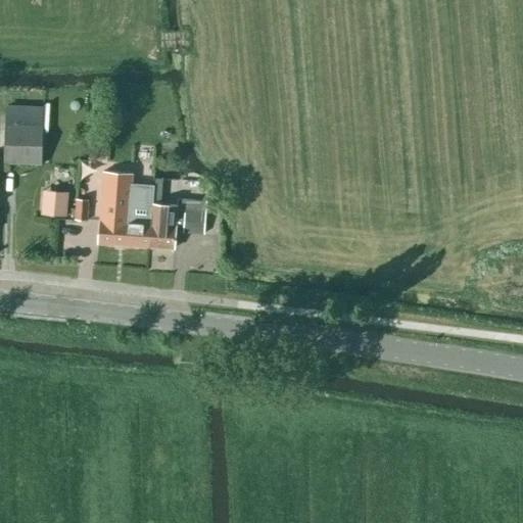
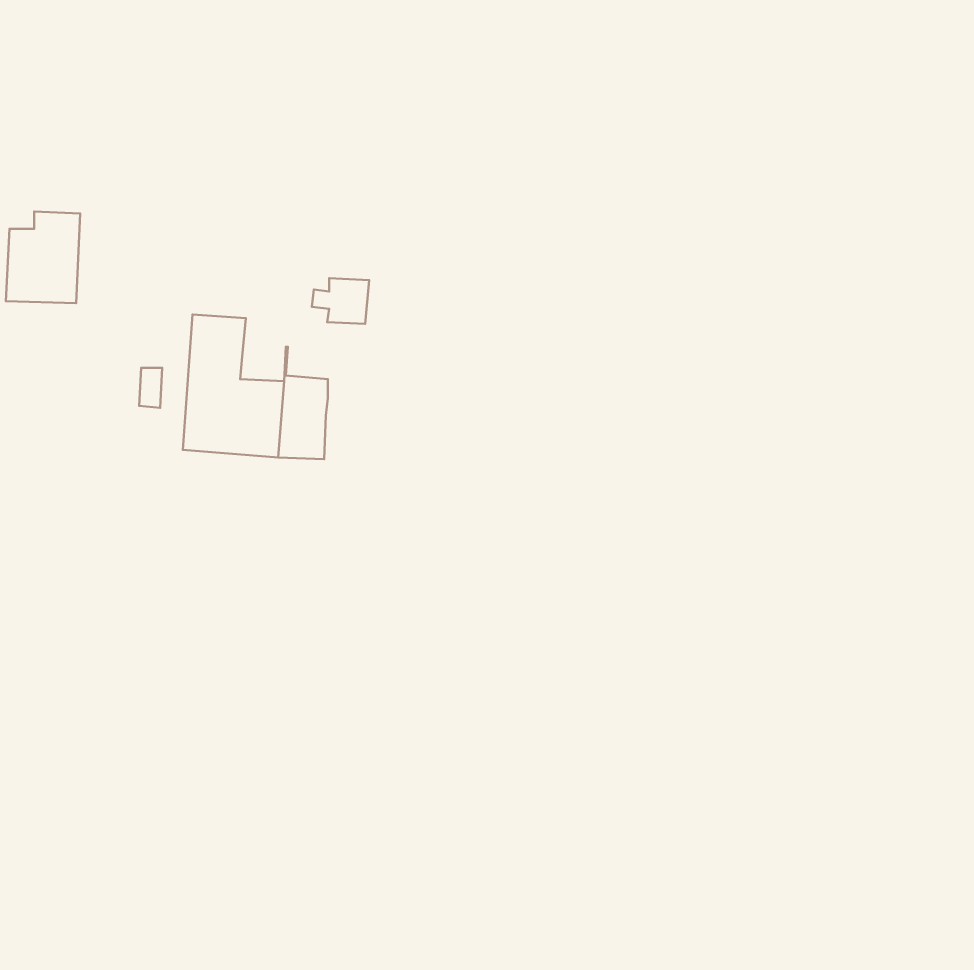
building: [40,189,70,219] -> none
building: [175,207,205,232] -> [312,278,369,324]

